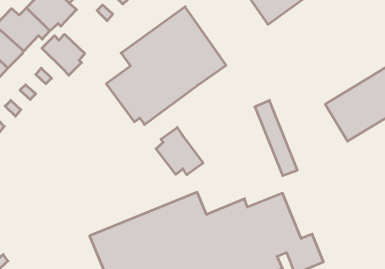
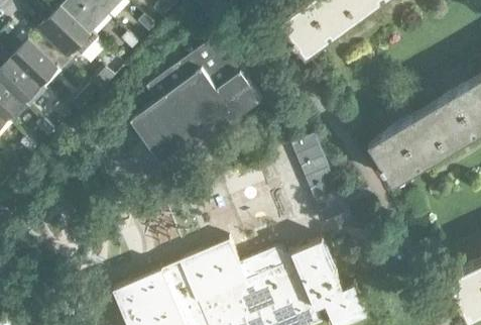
building: [42,34,85,75] -> none
building: [156,127,203,175] -> none

